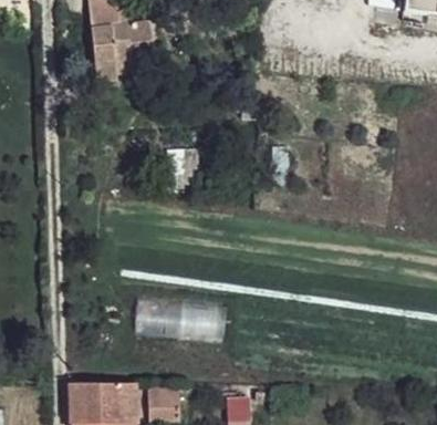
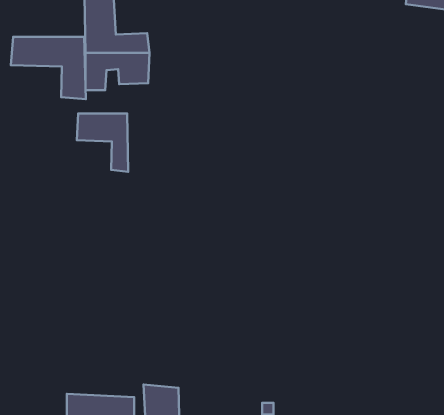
building: none -> [11,37,86,99]
building: none -> [77,113,128,172]

